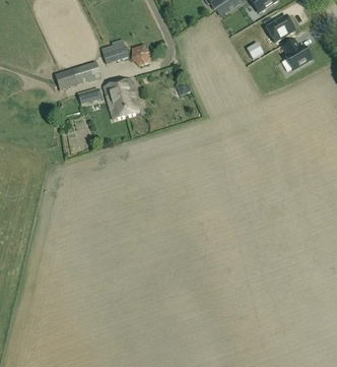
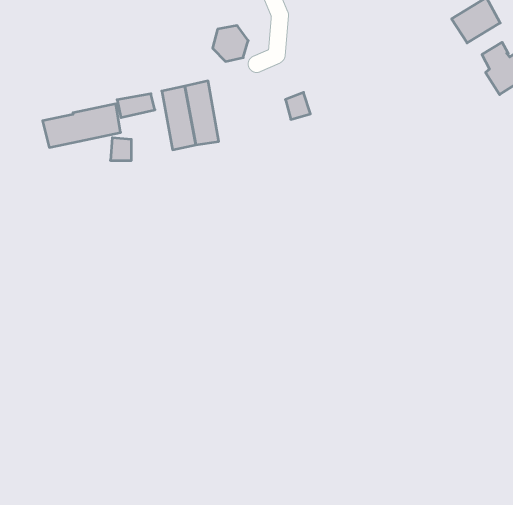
building: [102,42,128,63] -> none
building: [55,61,100,89] -> [43,104,121,147]

